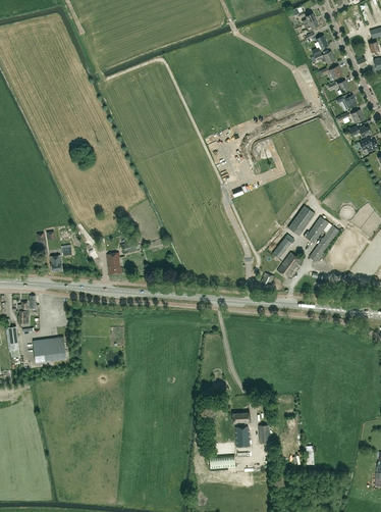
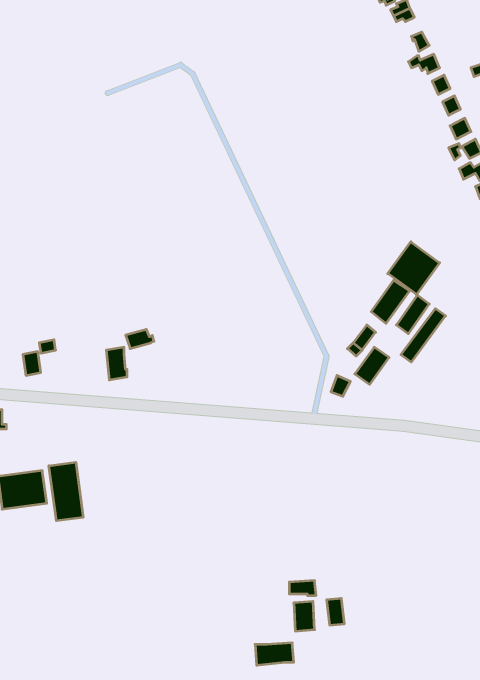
building: none -> [388,242,440,295]
building: none -> [49,462,83,521]

